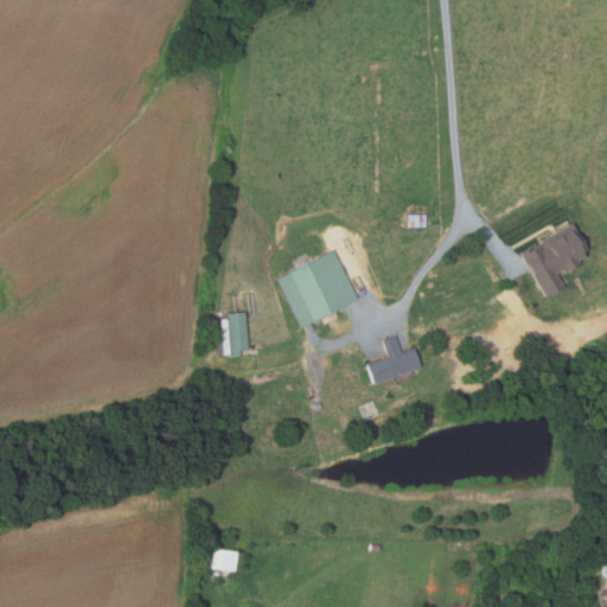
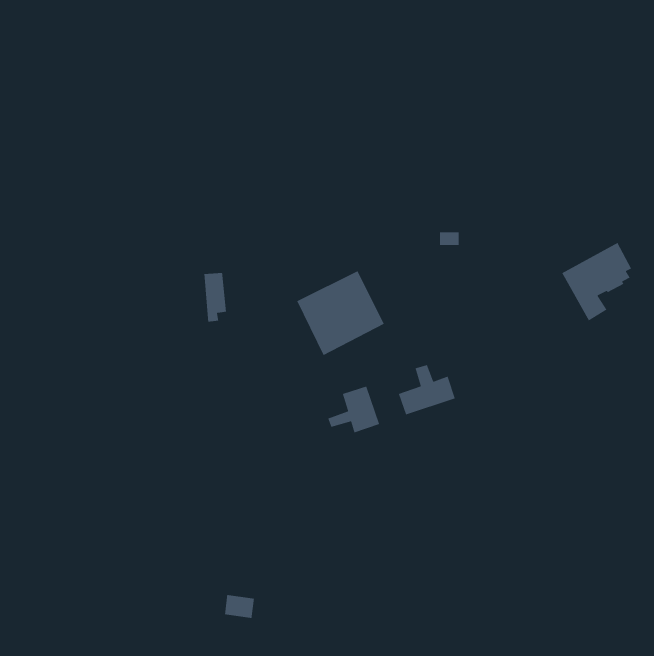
building: [230,313,251,359] -> [204,272,227,322]
building: none -> [327,385,380,433]

